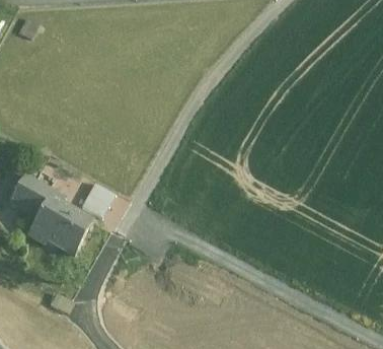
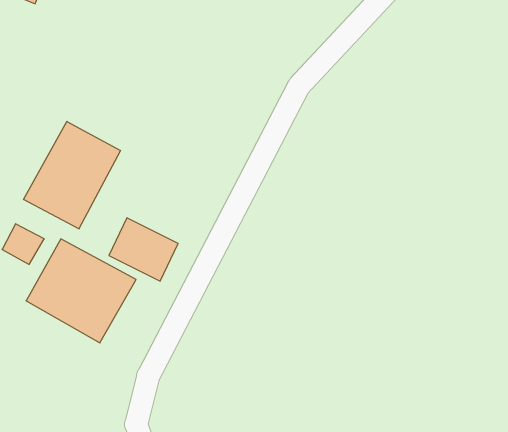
building: none -> [24,121,120,229]

